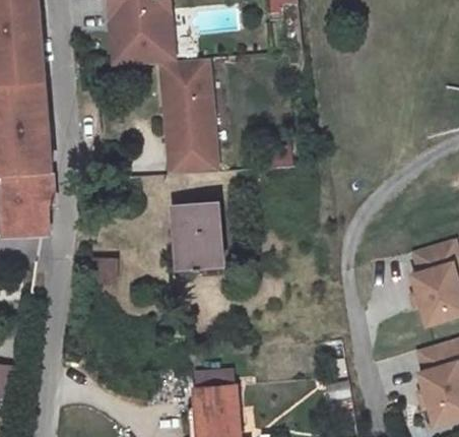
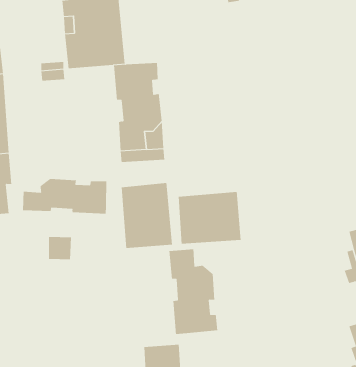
building: none -> [22,178,107,214]
building: none -> [178,191,241,245]
building: none -> [169,248,218,335]

